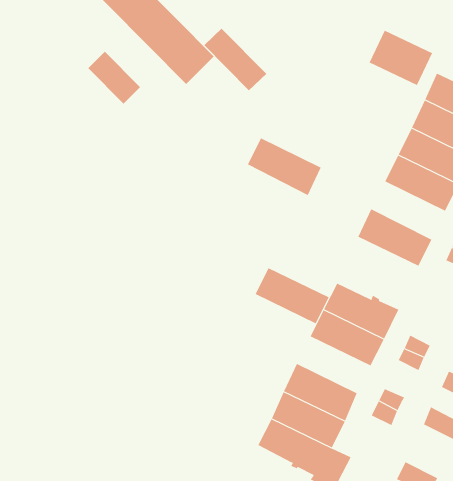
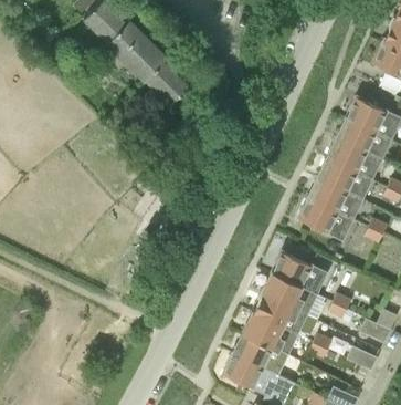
building: [203,28,267,91] -> none
building: [369,30,433,86] -> none
building: [88,51,141,105] -> none
building: [247,138,322,196] -> [308,177,363,220]
building: [255,268,329,324] -> [253,292,308,334]

